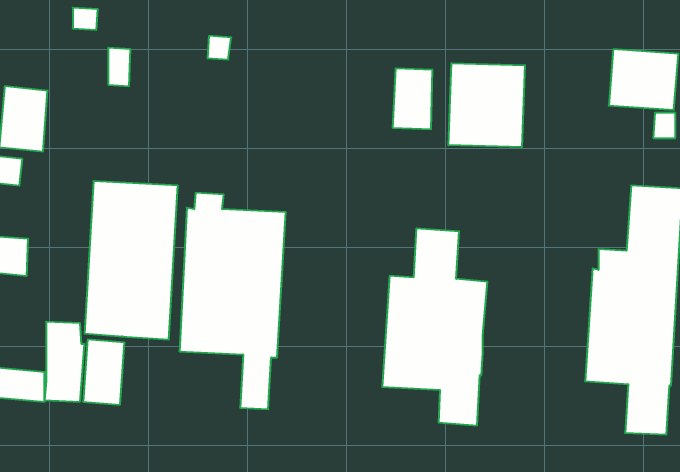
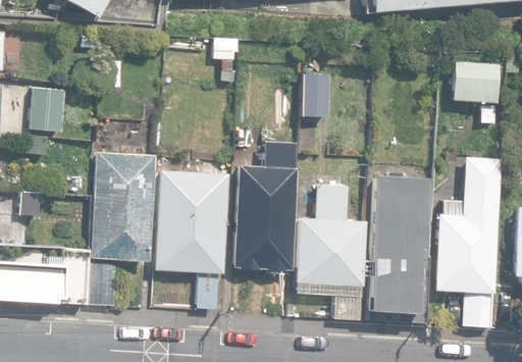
building: [448,63,525,147] -> none
building: none -> [234,141,298,271]
building: none -> [371,176,434,324]

